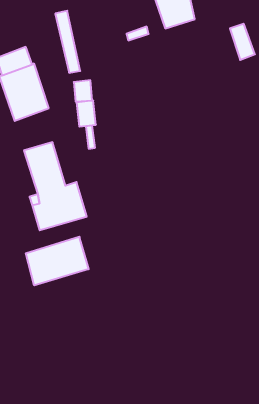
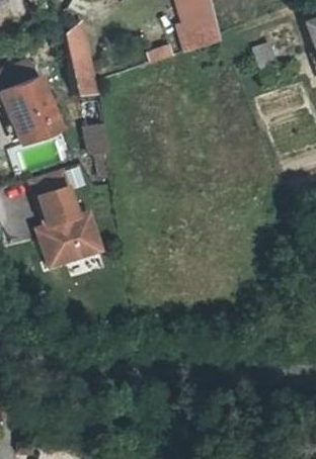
building: [26,237,89,285] -> none

